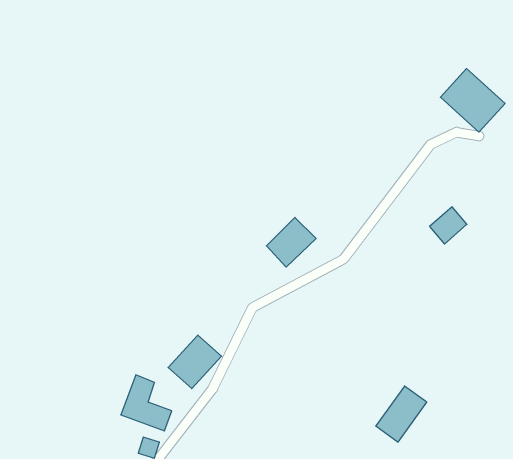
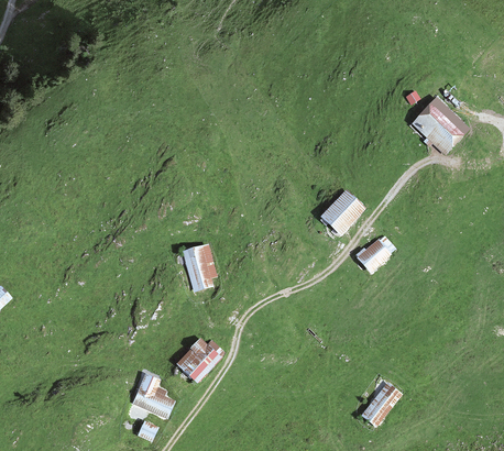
building: [430,207,467,244] -> [358,239,391,272]
building: [266,217,316,267] -> [319,190,363,234]
building: none -> [179,244,215,290]

